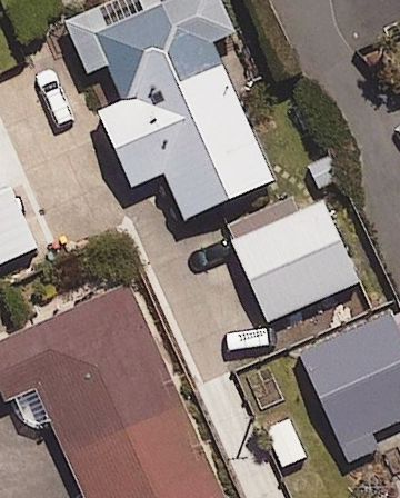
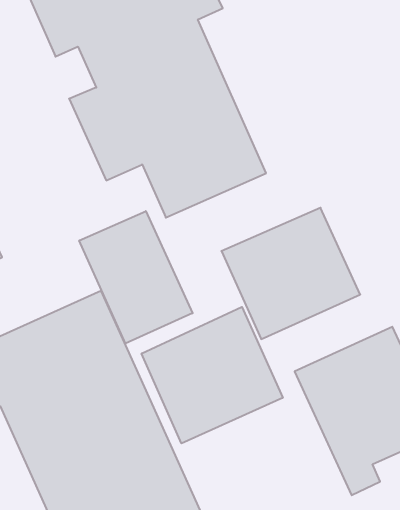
building: none -> [79,211,193,343]
building: none -> [142,307,283,443]

